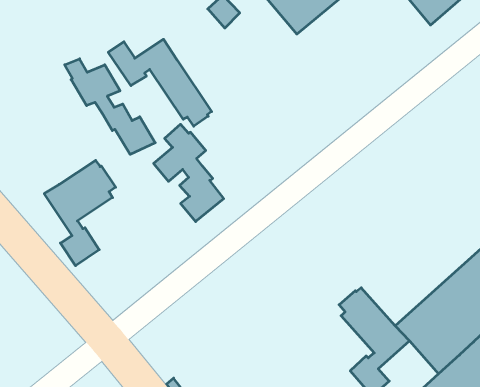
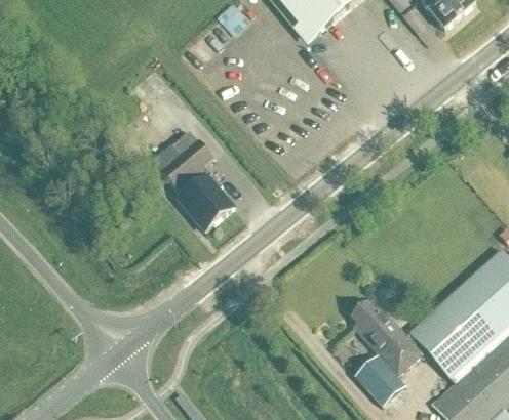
building: [108,39,212,126] -> none
building: [65,59,155,154] -> none
building: [44,160,116,266] -> none

